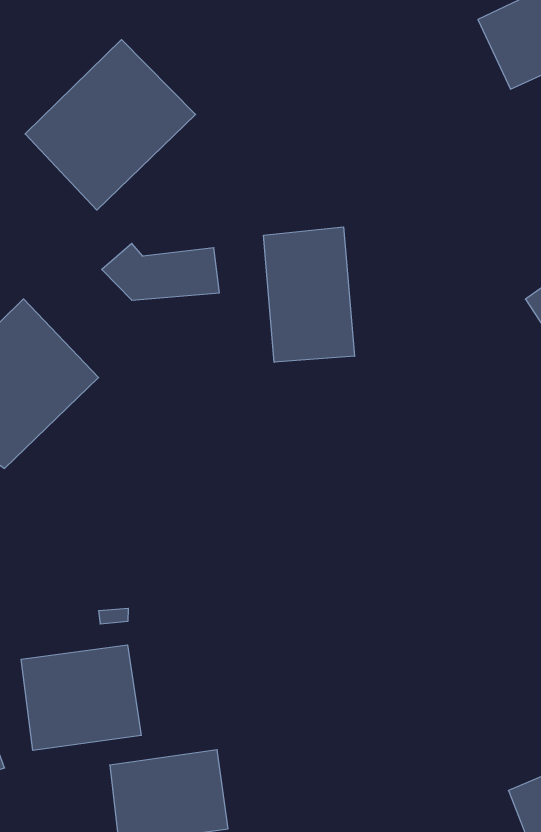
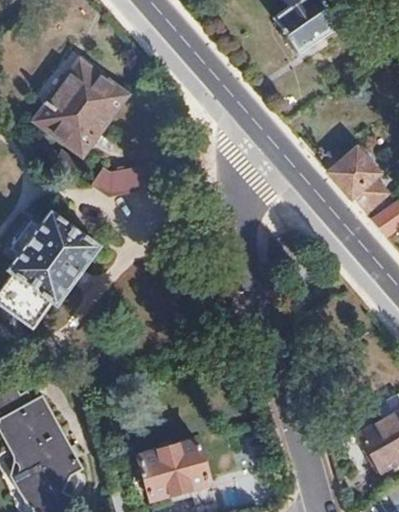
building: [264,227,355,362] -> none
building: [21,645,141,750] -> none

